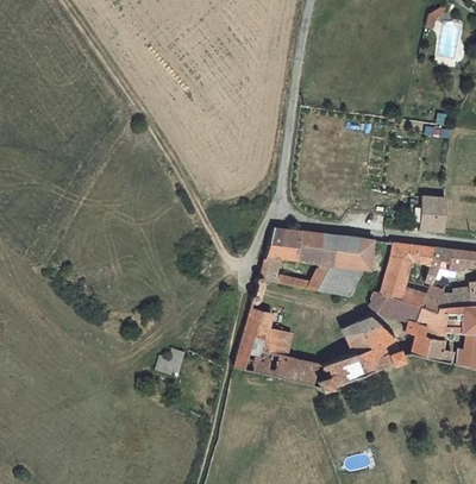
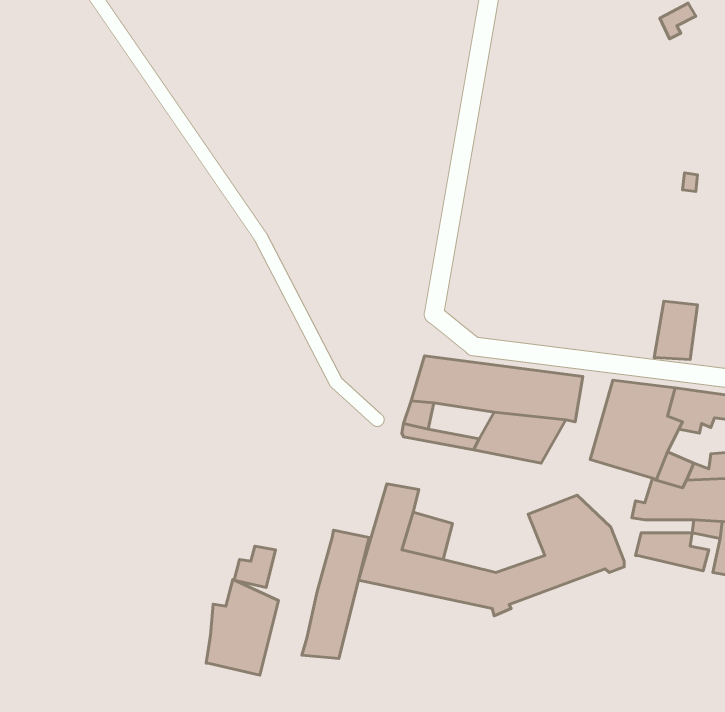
building: [368,290,419,320] -> none
building: none -> [302,530,369,659]
building: none -> [206,580,279,675]

